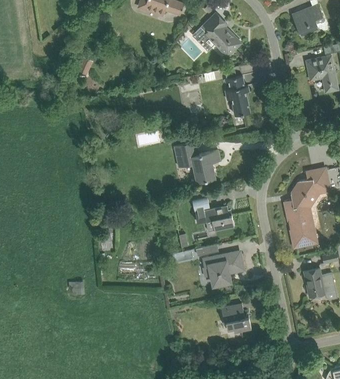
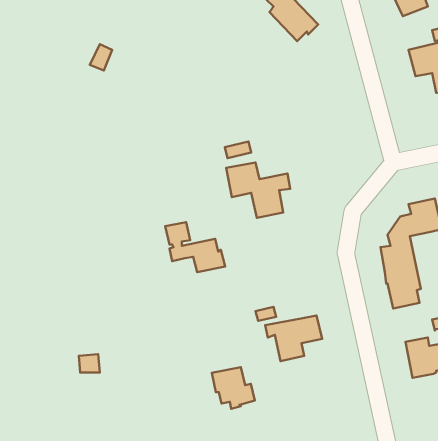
building: [223,67,249,115] -> none
building: [191,194,234,230] -> [165,222,225,272]
building: [220,303,251,333] -> [212,367,255,409]

